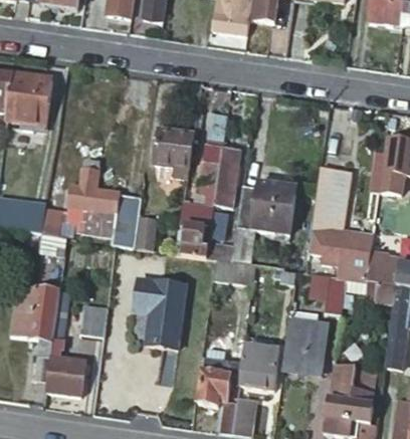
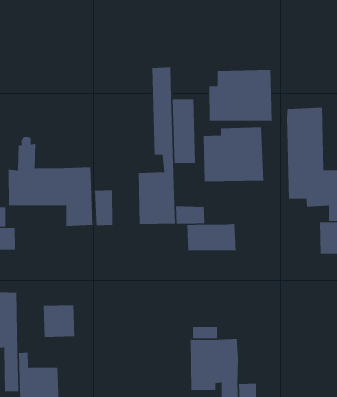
building: [152,129,192,178] -> none
building: none -> [209,69,272,122]
building: [135,278,188,351] -> none
building: [283,316,329,372] -> none
building: [241,342,280,387] -> none

